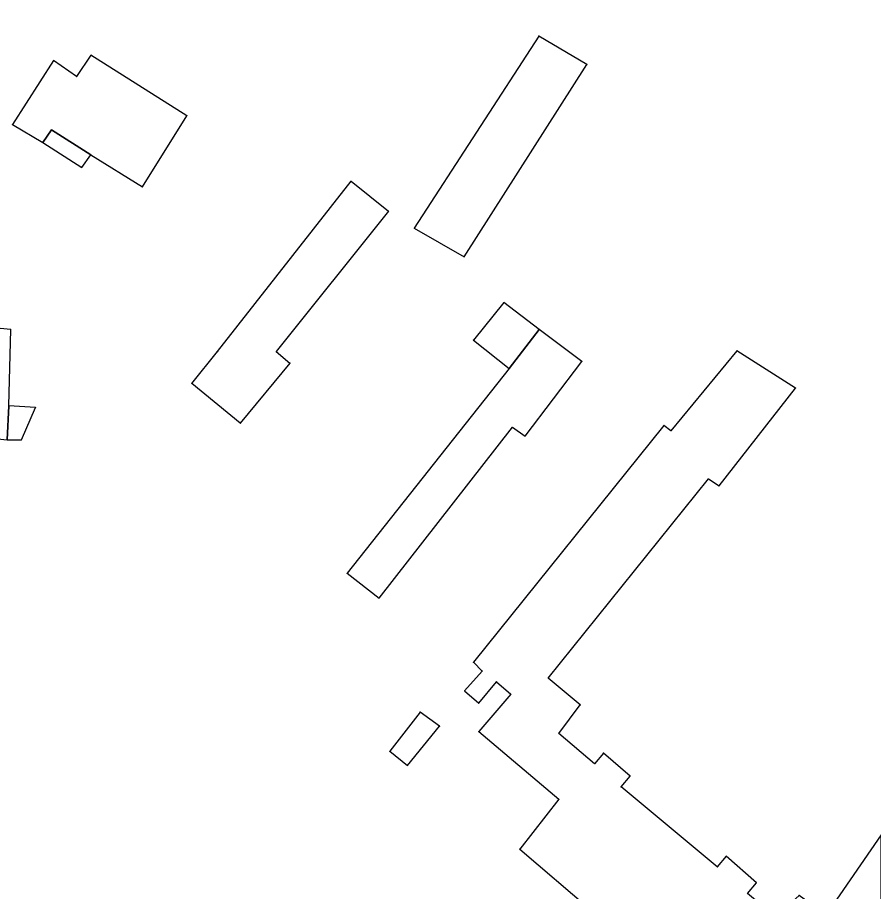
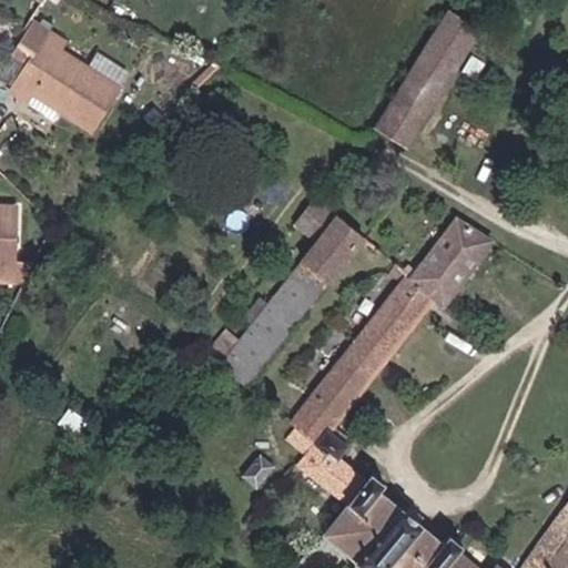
building: [414,36,587,257] -> [372,14,479,152]
building: [192,181,388,423] -> none

